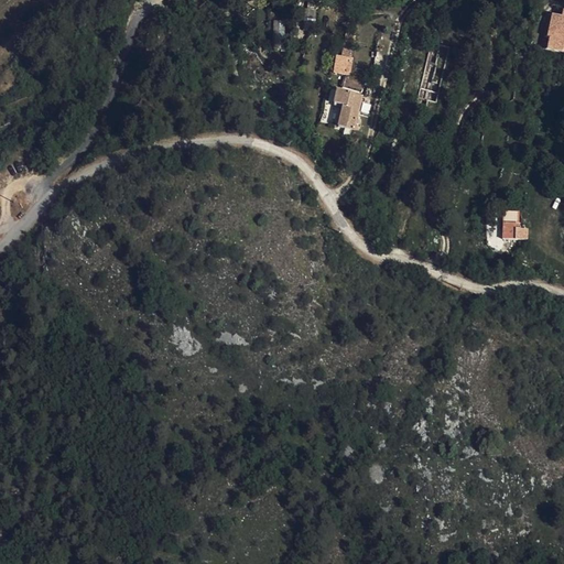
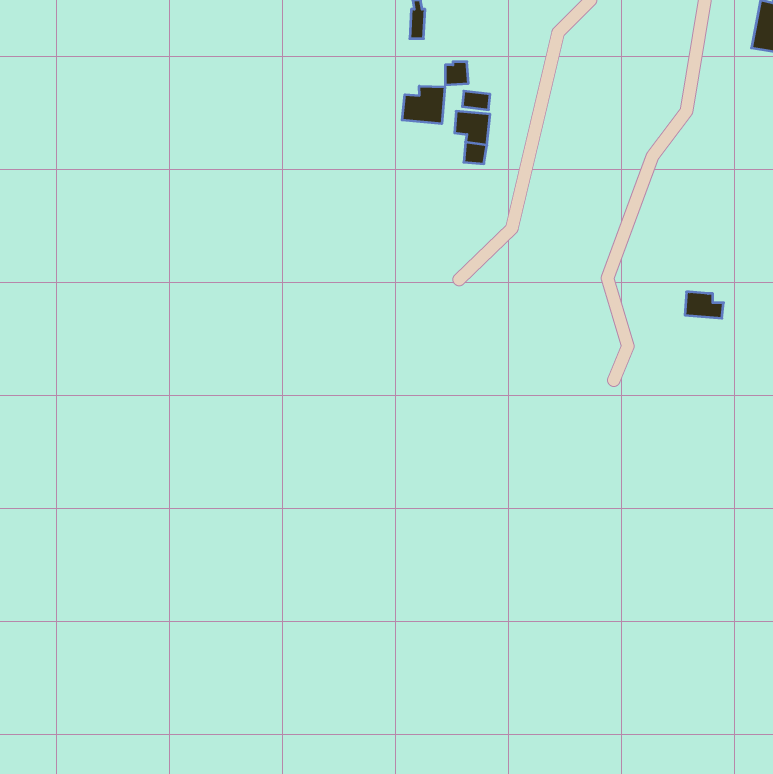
building: none -> [402,86,445,124]

